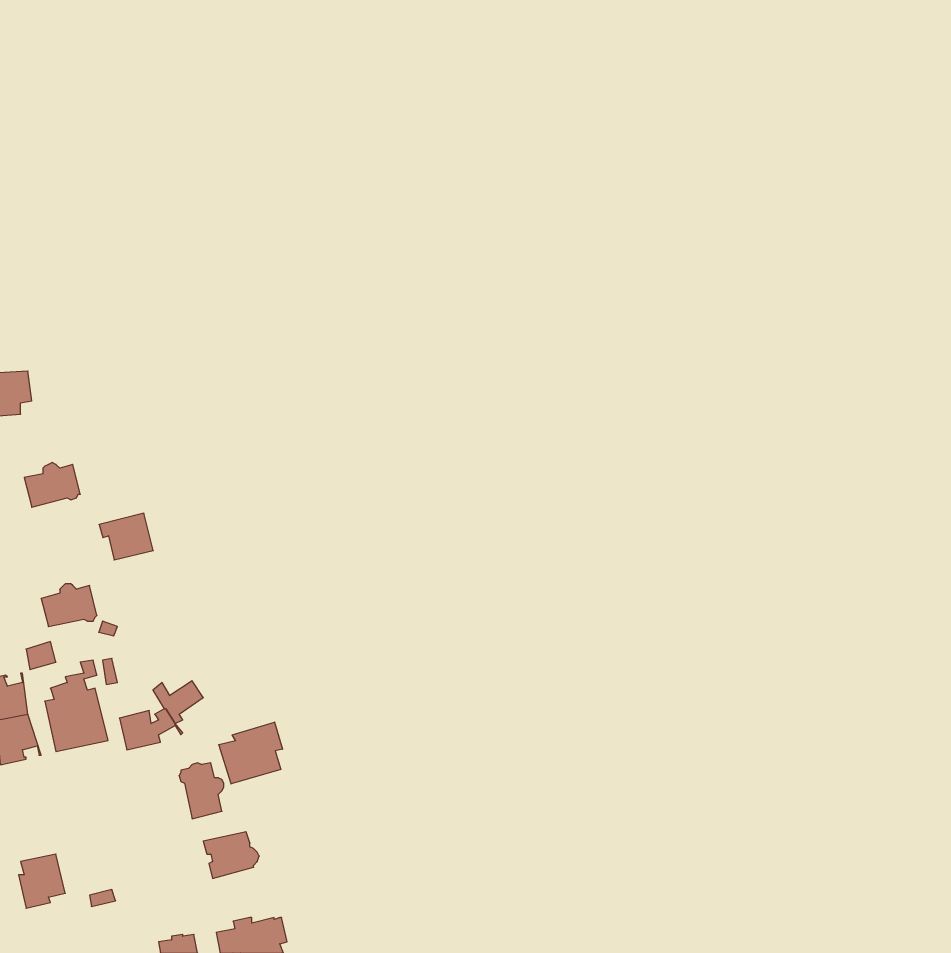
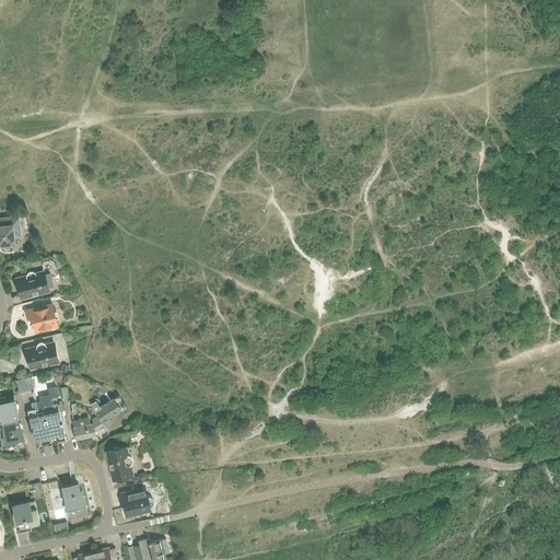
building: [99,513,153,560] -> [24,304,56,331]
building: [219,722,283,784] -> none
building: none -> [61,483,85,513]

